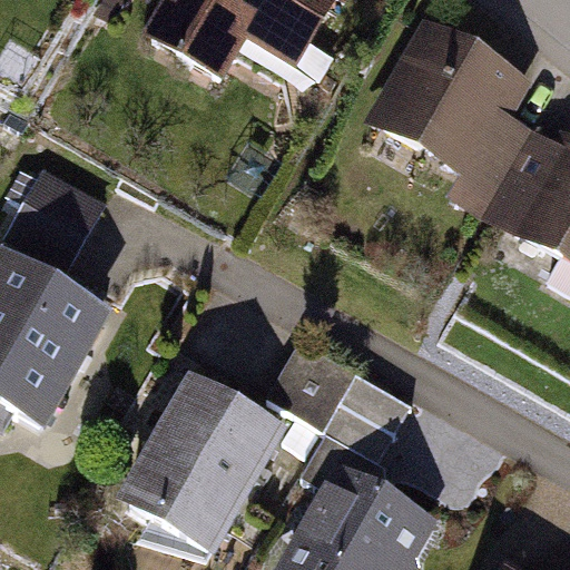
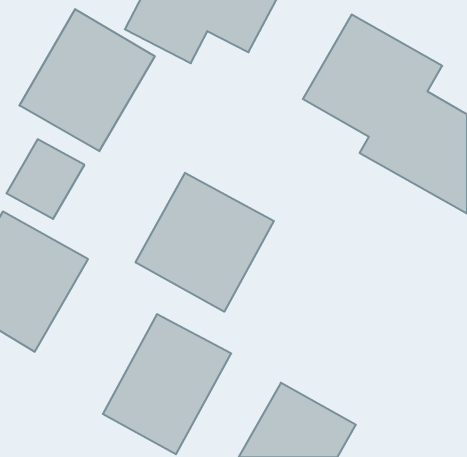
building: none -> [19,9,155,151]
building: none -> [136,173,274,312]
building: [268,338,410,456] -> none

